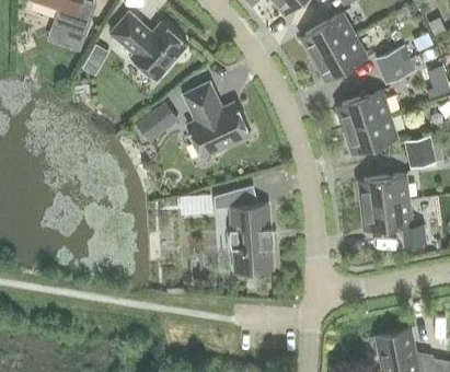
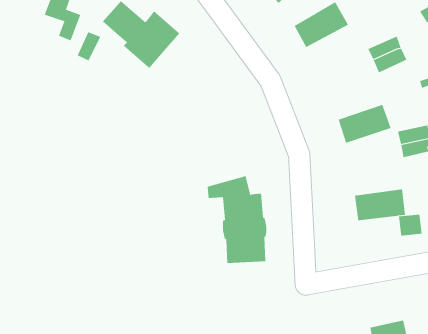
building: [313,36,368,81] -> none
building: [184,83,250,158] -> none
building: [337,91,390,130] -> none
building: [136,102,180,142] -> none
building: [358,174,409,206] -> none

